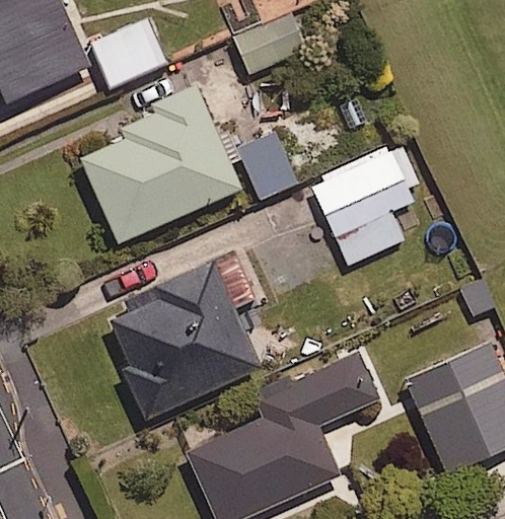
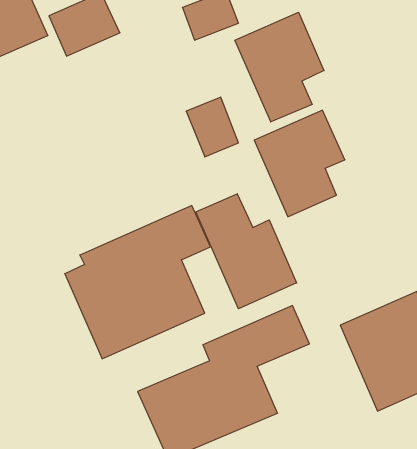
building: none -> [235,12,324,122]
building: [80,84,240,241] -> none
building: none -> [196,194,297,309]

